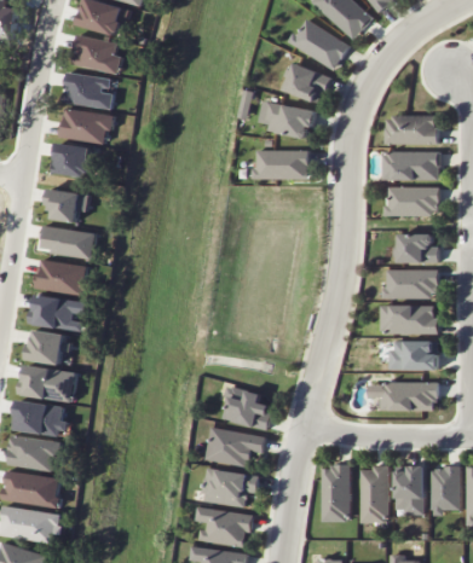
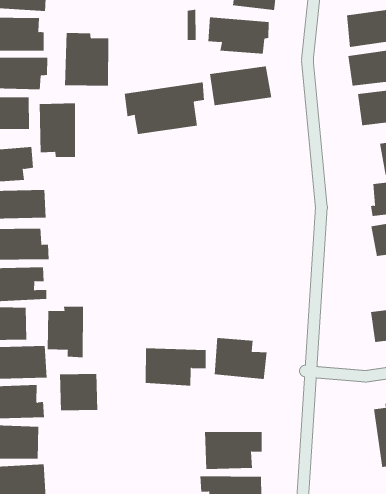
building: none -> [65,32,109,87]
building: none -> [39,103,76,158]
building: none -> [124,81,205,135]
building: none -> [47,306,84,358]
building: none -> [60,373,98,411]
building: [207,426,266,466] -> [145,348,207,386]
building: [322,465,350,521] -> none

